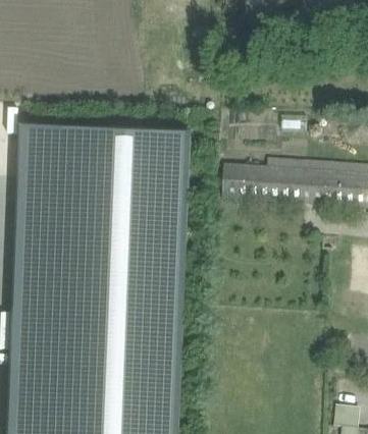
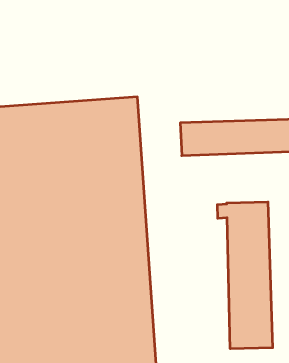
building: none -> [217,202,273,349]

